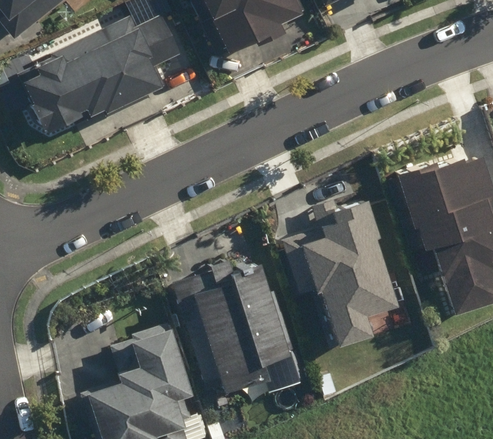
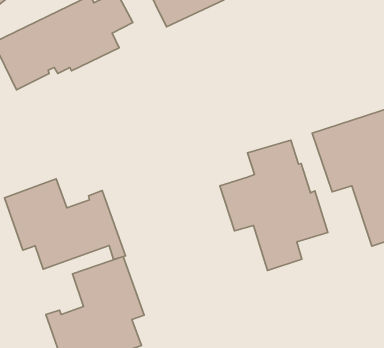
building: none -> [4,179,125,269]
building: [174,260,293,398] -> none

